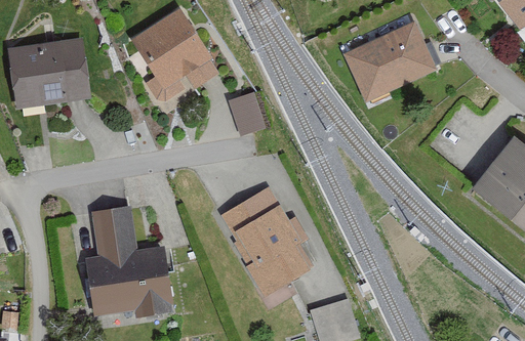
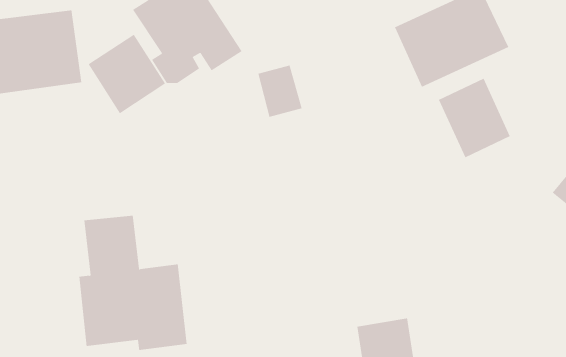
building: none -> [88,34,166,114]
building: none -> [438,78,511,158]
building: [218,189,314,299] -> none

